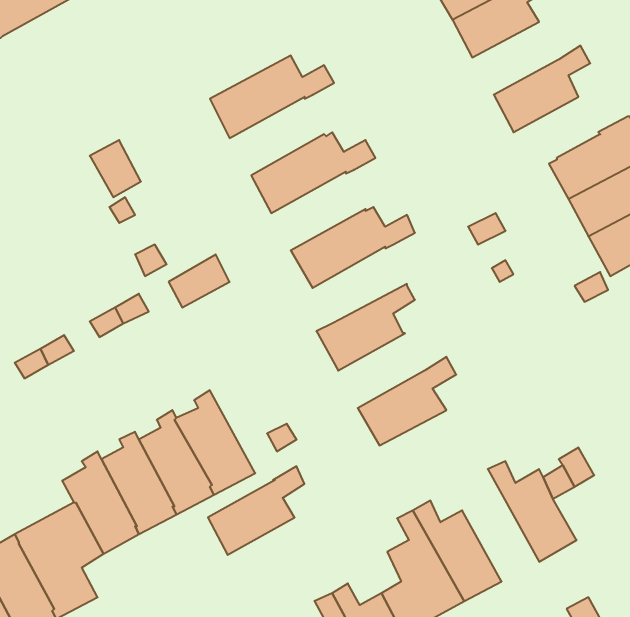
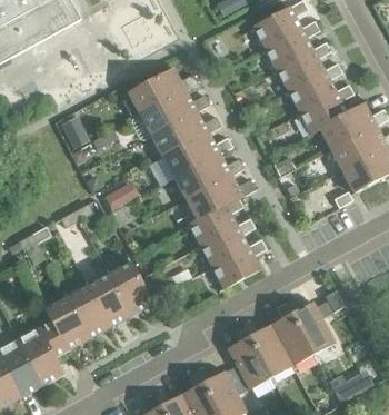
building: none -> [276,41,331,90]
building: none -> [299,83,353,134]
building: none -> [139,90,209,136]
building: none -> [162,132,232,178]
building: none -> [186,175,256,219]
building: [208,466,304,555] -> [200,217,255,267]
building: none -> [270,302,313,365]

